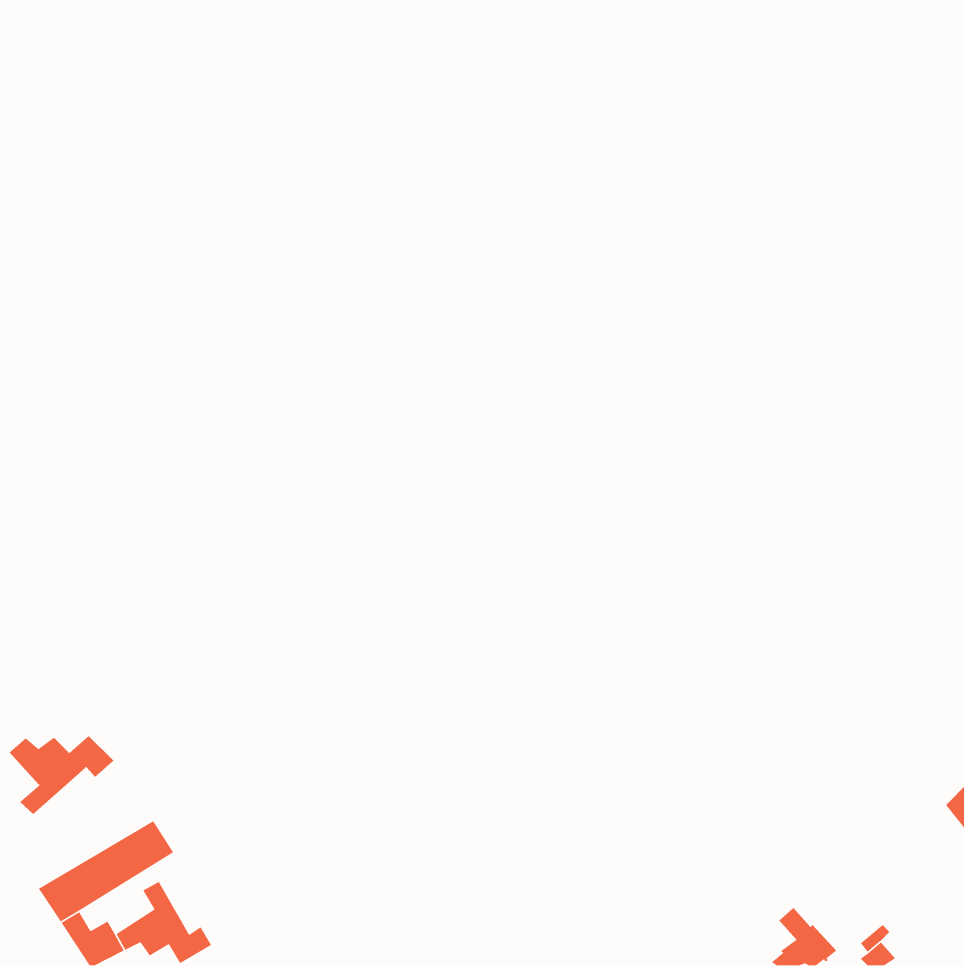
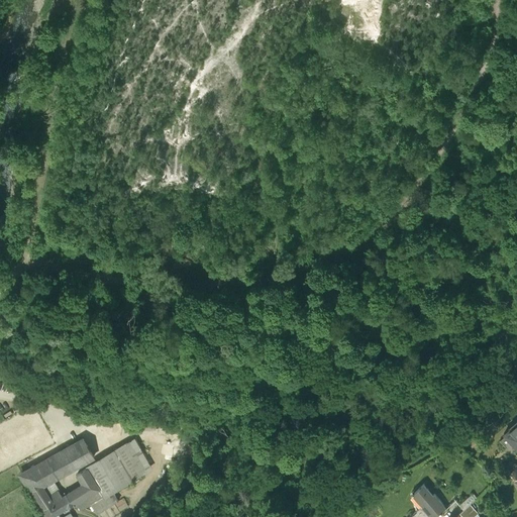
building: [9,735,115,815] -> none
building: none -> [87,446,143,498]

